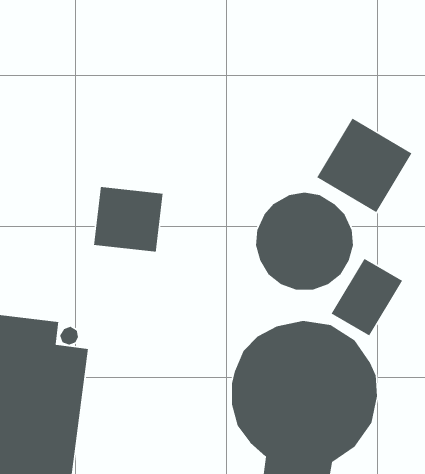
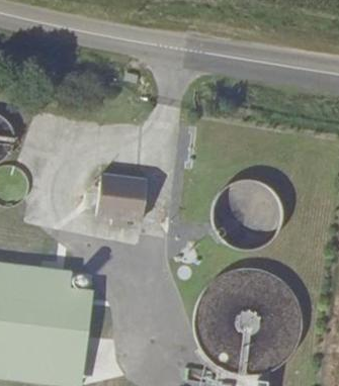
building: [316,118,413,213] -> none
building: [331,258,403,337] -> none

